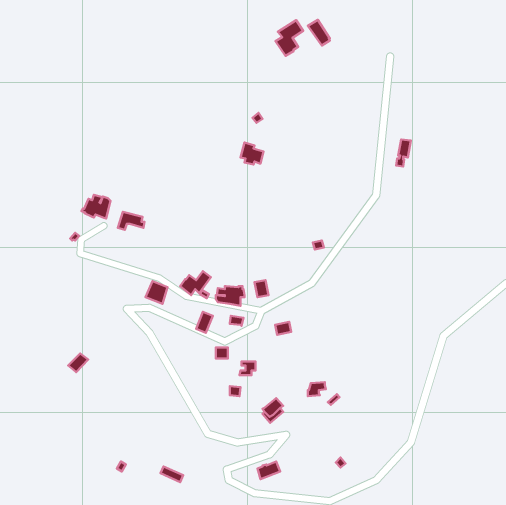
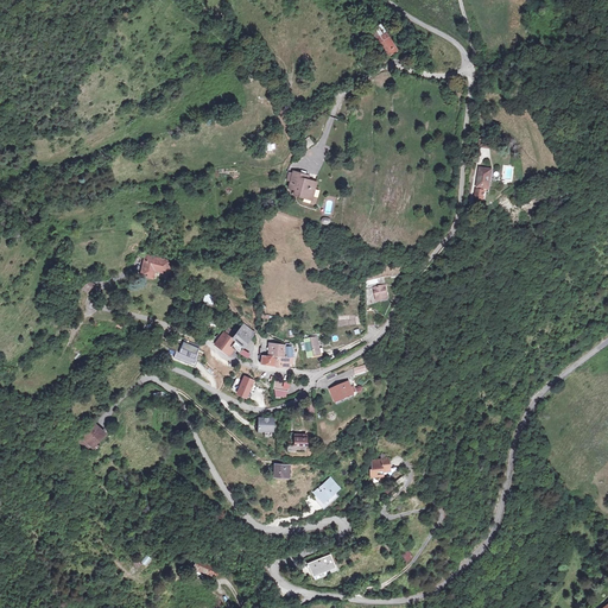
building: [275,20,303,56] -> none
building: [81,195,110,219] -> none

